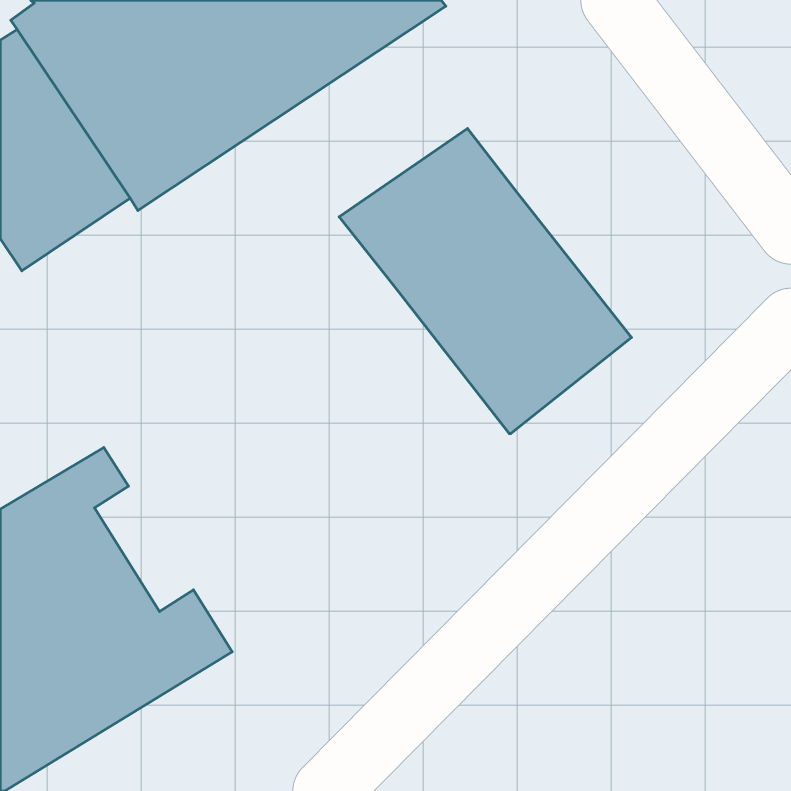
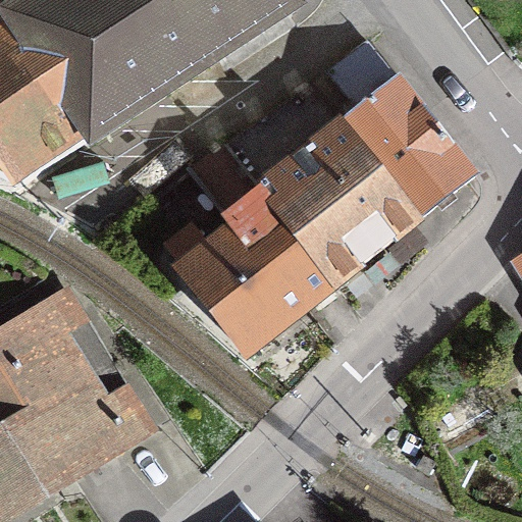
building: none -> [308,41,474,222]
building: none -> [168,143,335,355]

